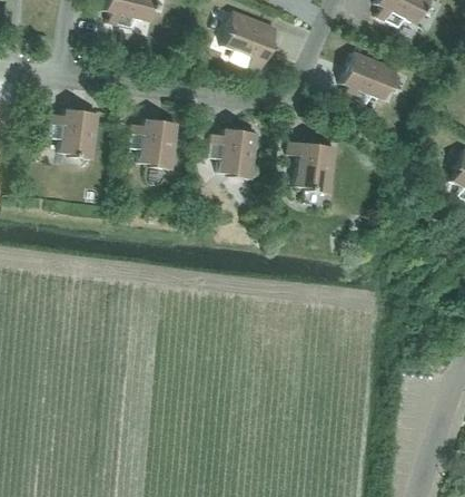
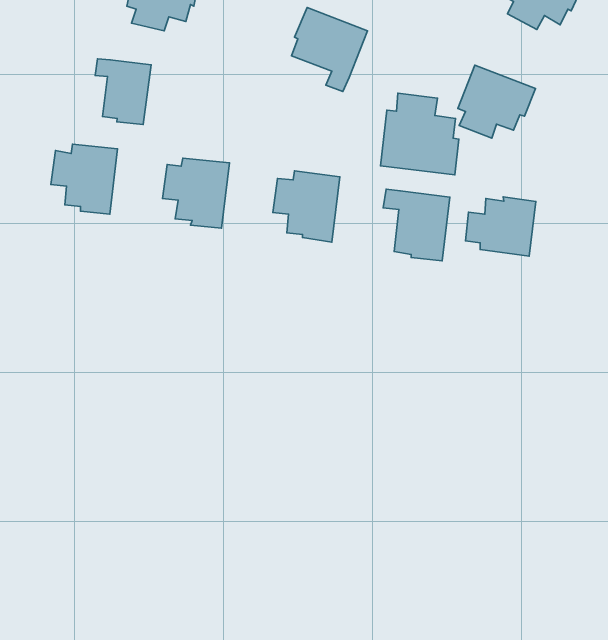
building: none -> [95,59,151,124]
building: none -> [380,93,459,175]
building: none -> [466,197,536,256]

